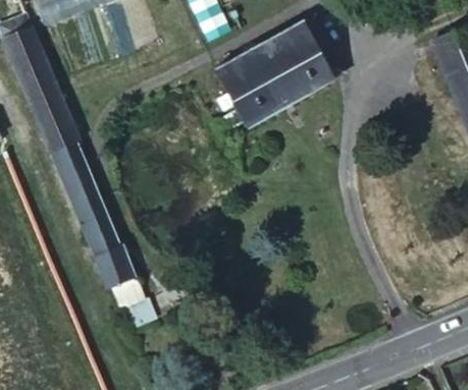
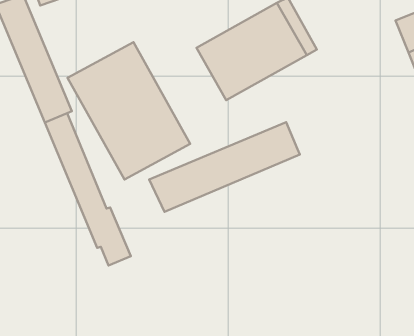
building: none -> [68,42,190,180]
building: none -> [149,122,300,212]

